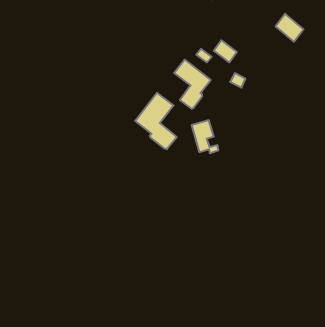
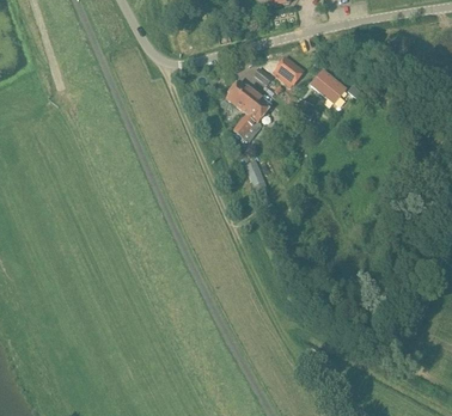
building: [276,14,304,42] -> [310,68,344,103]
building: [135,93,177,149] -> none

